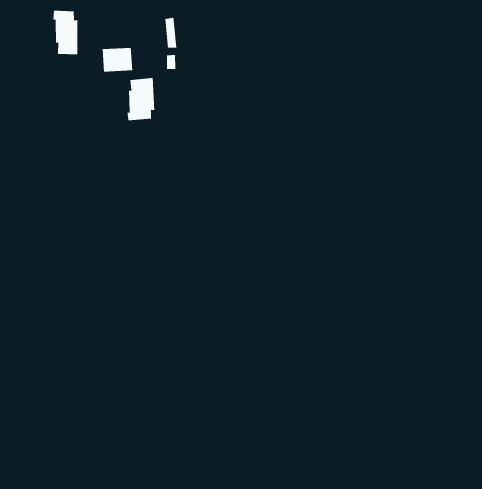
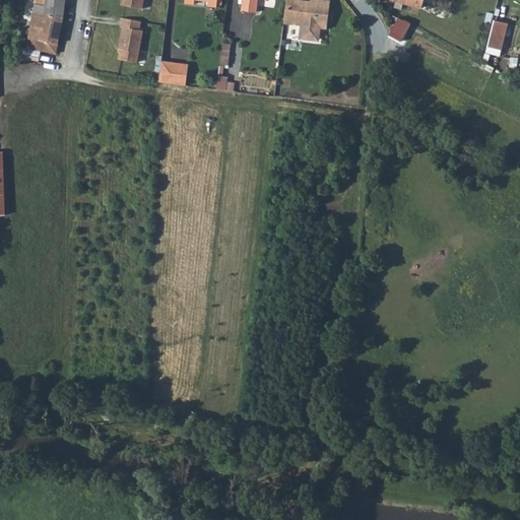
building: [127,77,155,121] -> none

